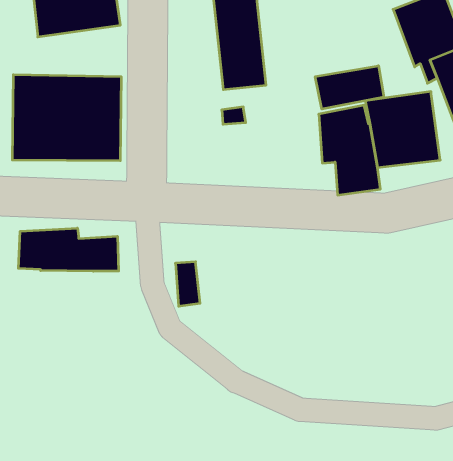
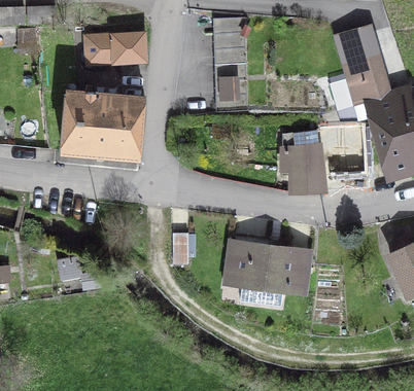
building: [315,66,384,109] -> none
building: [18,228,119,271] -> none
building: none -> [221,241,308,307]

